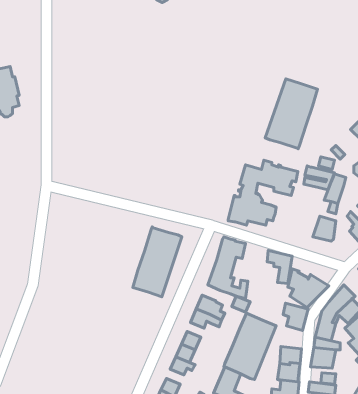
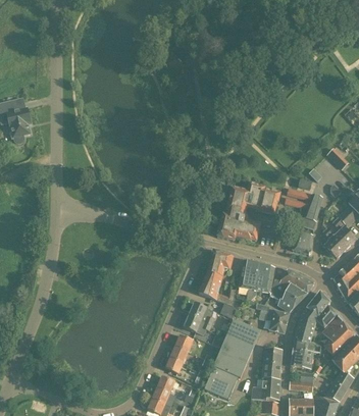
building: [265,79,318,149] -> none
building: [133,227,182,297] -> none
building: none -> [239,259,263,300]
building: none -> [279,269,313,294]

